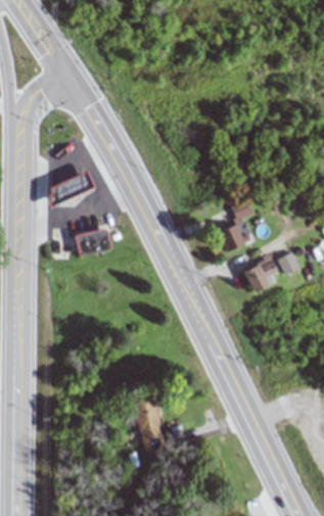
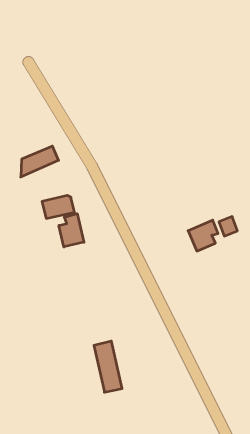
building: [218,198,253,251] -> none
building: none -> [59,214,84,247]

